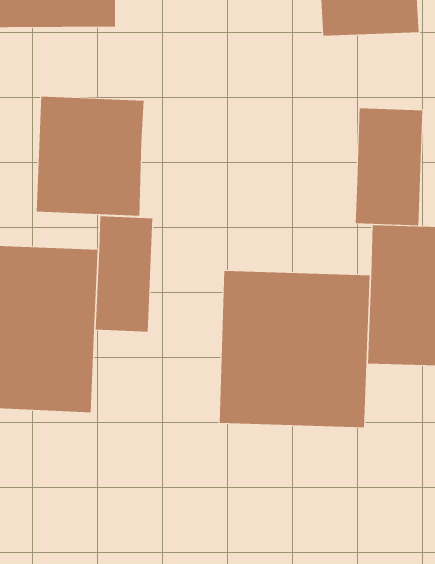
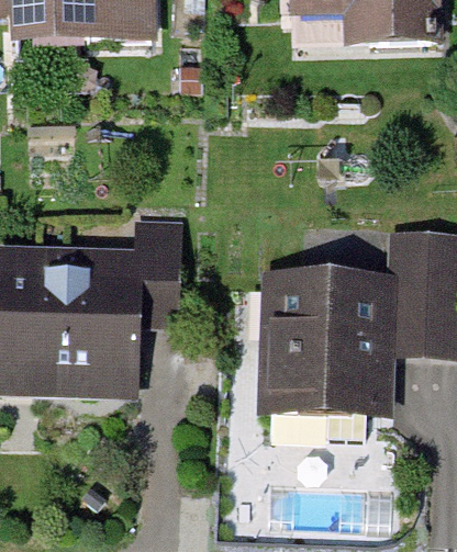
building: [36,96,144,216] -> none
building: [355,107,423,226] -> none

